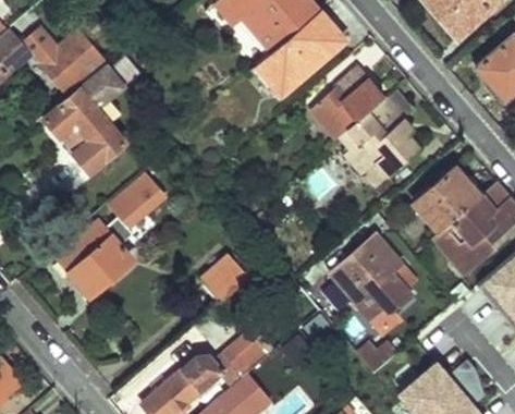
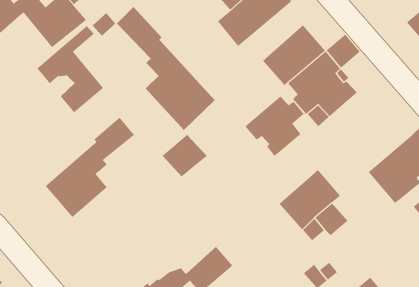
building: none -> [116,6,216,131]
building: none -> [245,96,304,157]
building: [414,168,482,234] -> none
building: [199,255,253,305] -> [162,134,208,177]

